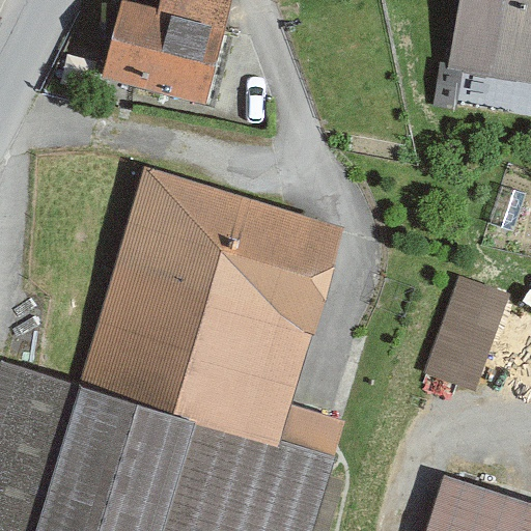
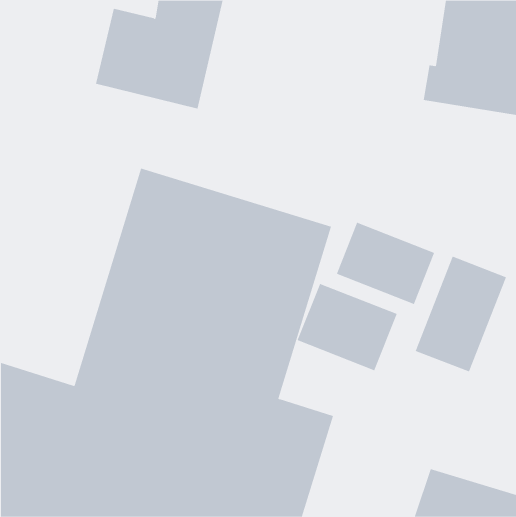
building: none -> [336,222,435,305]
building: none -> [297,283,397,371]

